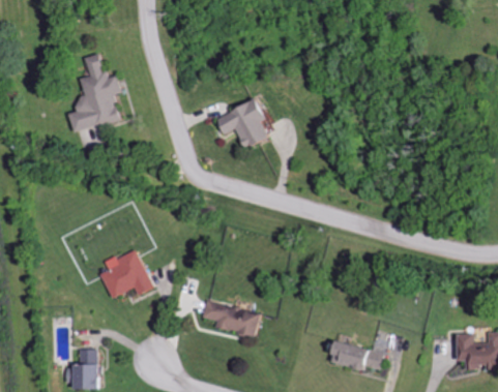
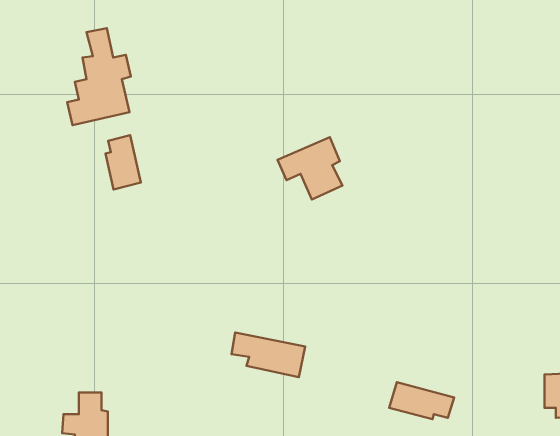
building: [218,98,271,149] -> [278,137,342,199]
building: none -> [106,135,141,189]
building: [100,248,154,298] -> none

